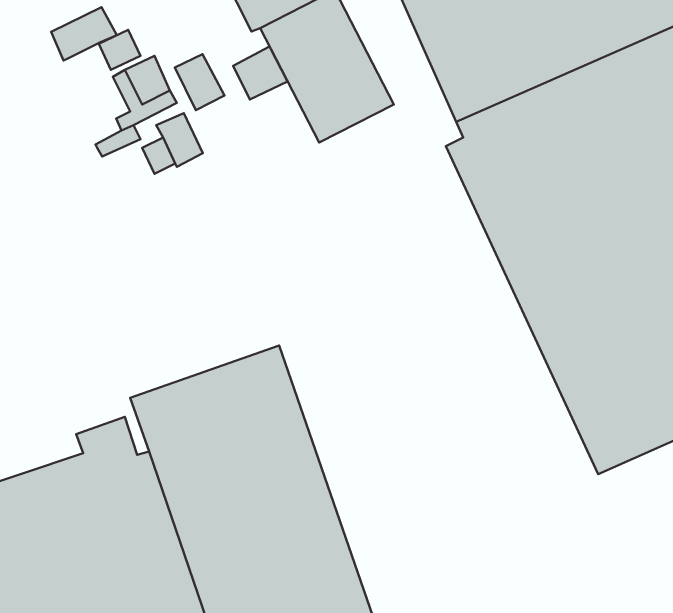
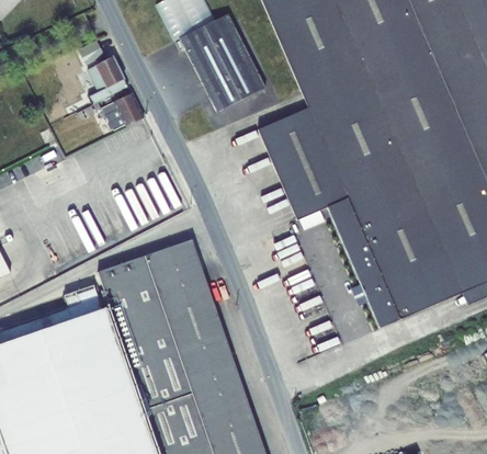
building: [51,7,117,60] -> none
building: [233,46,288,100] -> none
building: [175,54,225,110] -> none
building: none -> [258,114,394,328]

